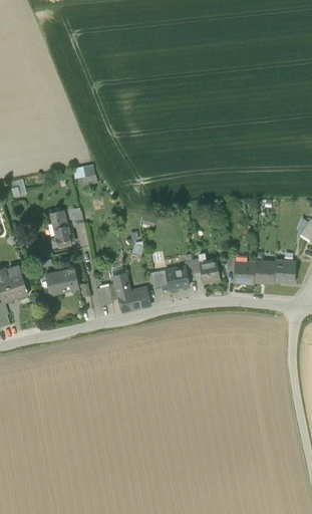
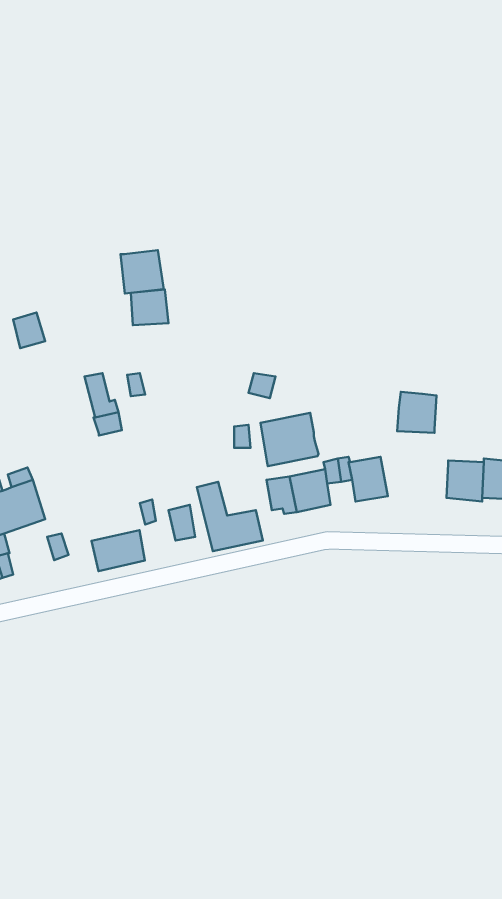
building: none -> [121,250,164,293]
building: none -> [260,413,319,466]
building: [233,260,255,283] -> [397,392,436,433]
building: [48,269,78,292] -> [91,530,145,571]

